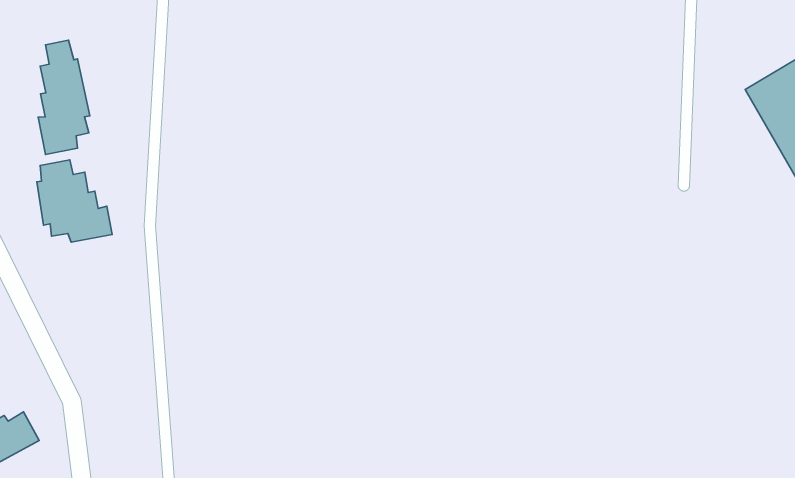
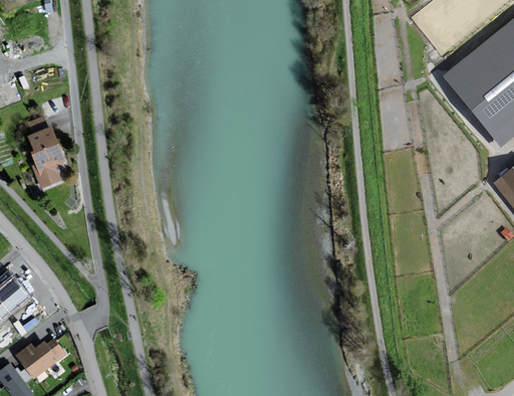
building: [37,160,112,242] -> none

